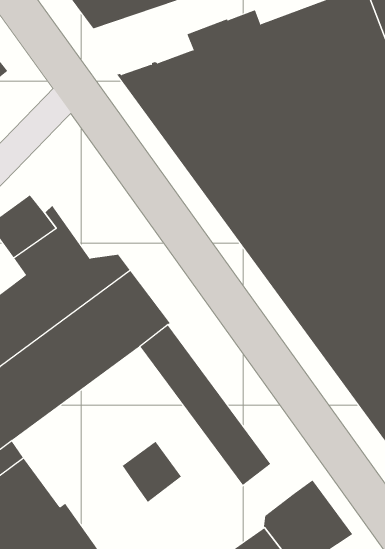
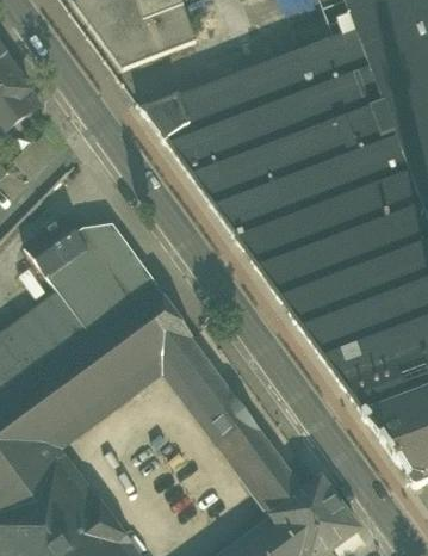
building: none -> [82,222,157,286]
building: [122,441,182,503] -> none
building: none -> [256,464,303,512]

